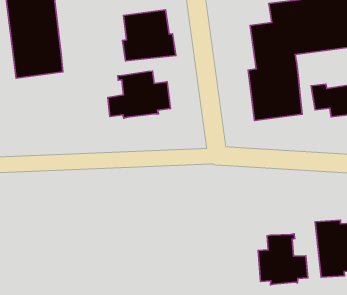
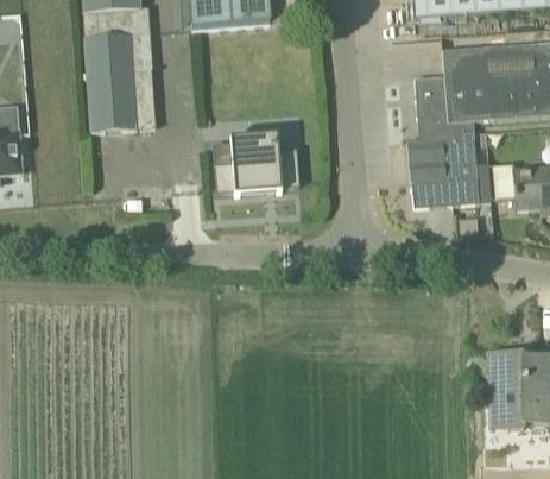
building: [122,10,176,61] -> none
building: [258,234,308,285] -> none

